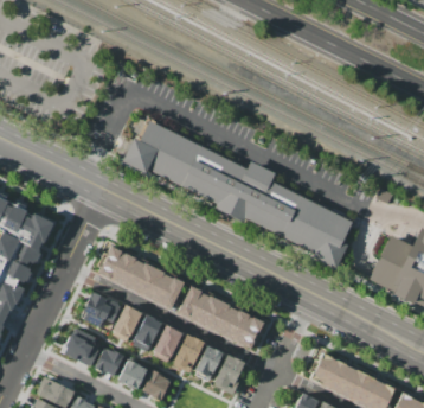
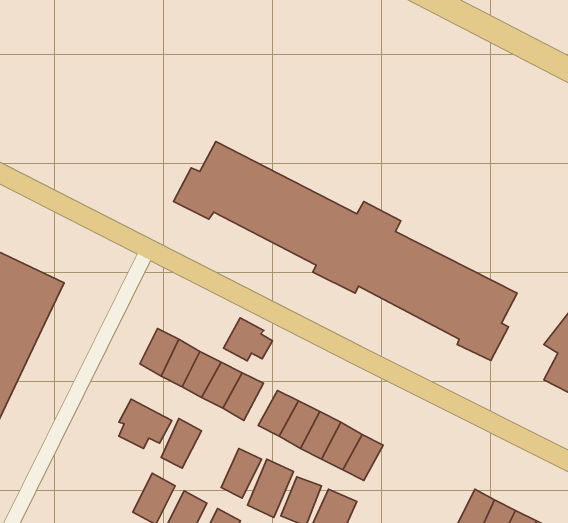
building: none -> [224,318,273,361]
building: [135,318,163,351] -> none
building: [59,331,99,368] -> none

